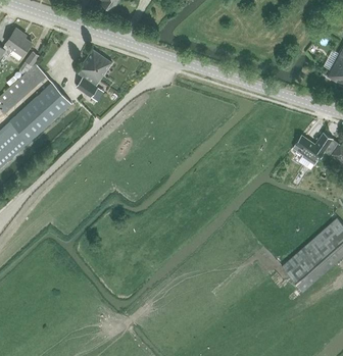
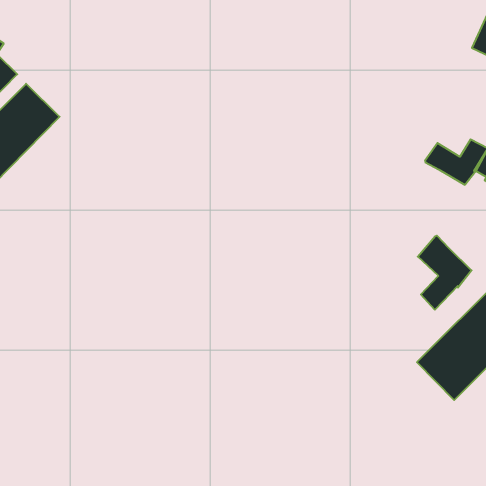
building: [76,49,112,102] -> none
building: none -> [418,236,472,310]

